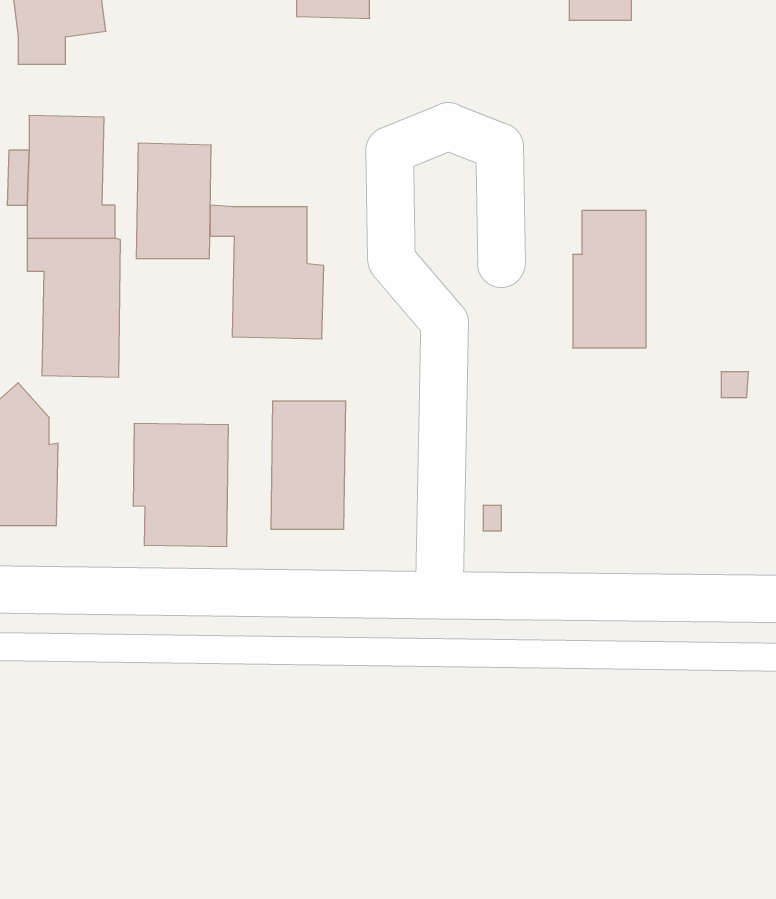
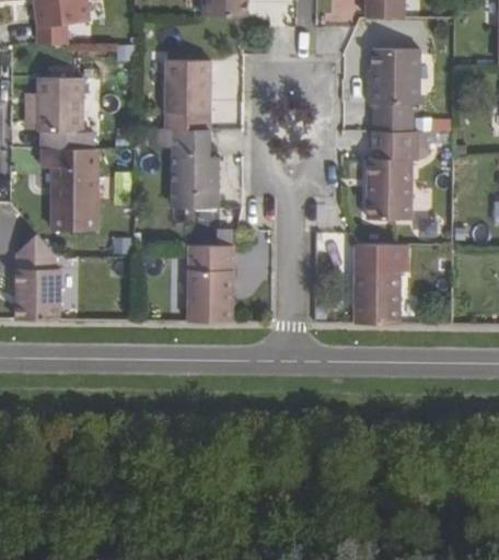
building: none -> [367,48,413,130]
building: [136,143,211,259] -> [165,59,210,128]
building: none -> [355,243,406,323]
building: [133,423,228,547] -> none

